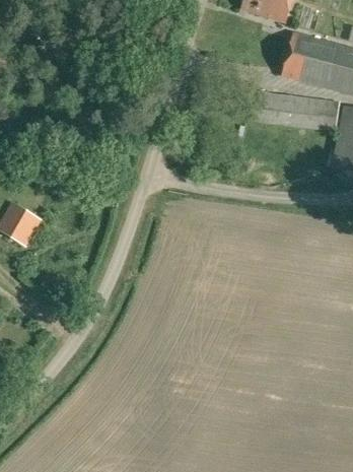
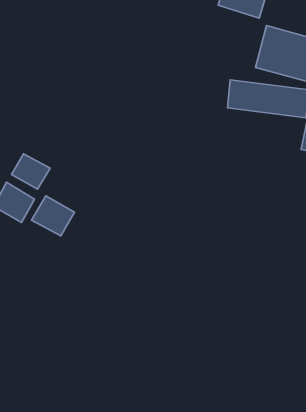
building: none -> [12,154,50,189]
building: none -> [32,196,75,236]

